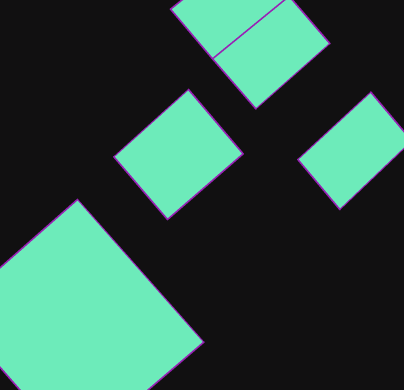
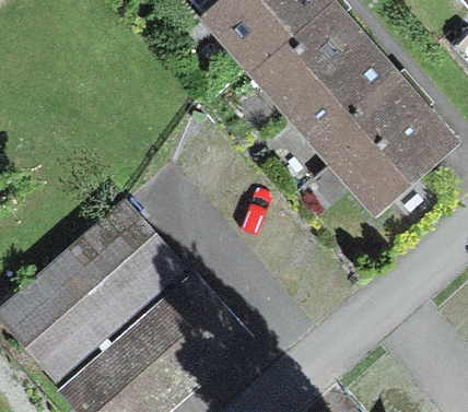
building: none -> [299,50,412,165]
building: [114,89,243,220] -> none

